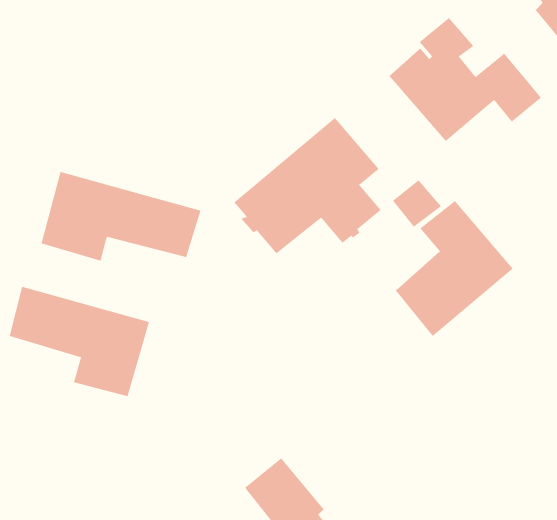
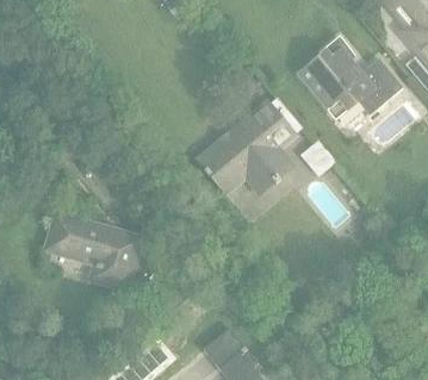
building: [41,171,201,262] -> none
building: [395,200,513,337] -> none

